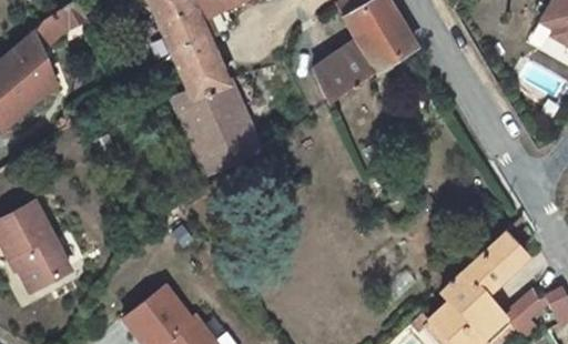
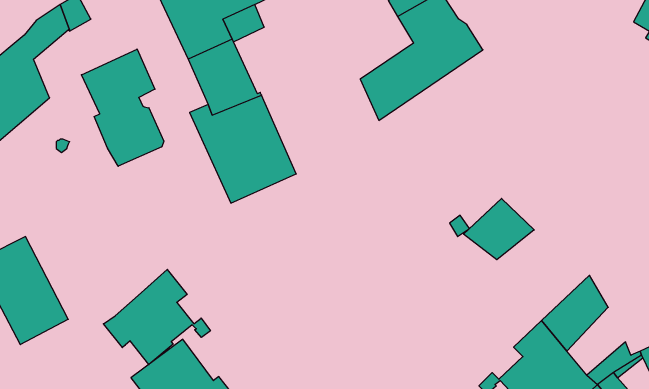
building: none -> [81,49,164,166]
building: none -> [464,198,534,260]
building: none -> [103,269,210,365]

